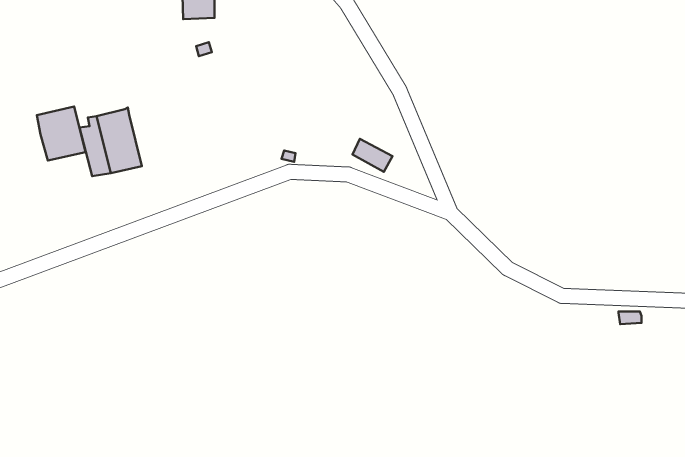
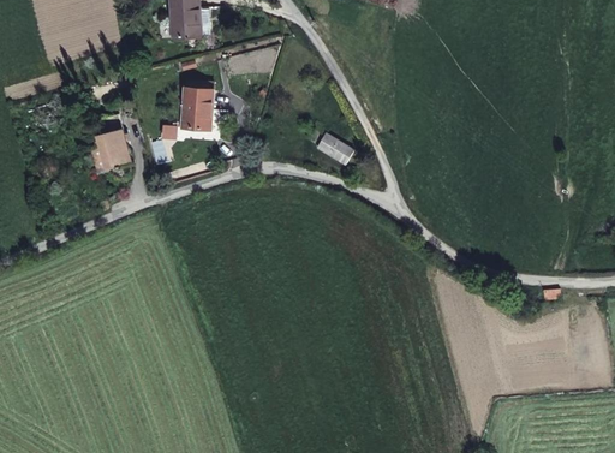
building: none -> [184,88,217,129]
building: [37,106,85,161] -> none

